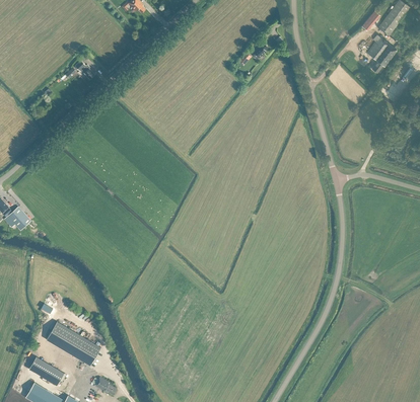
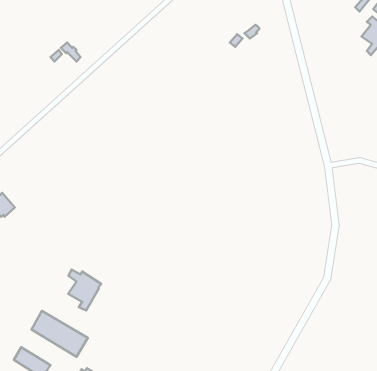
building: none -> [68,270,101,310]

